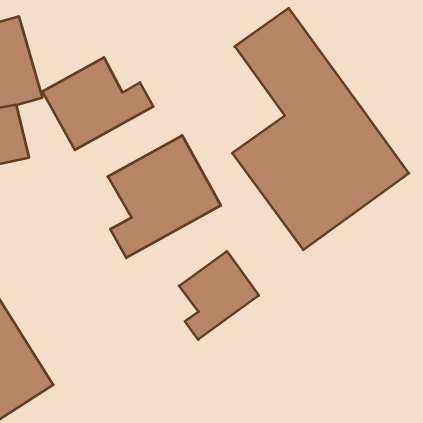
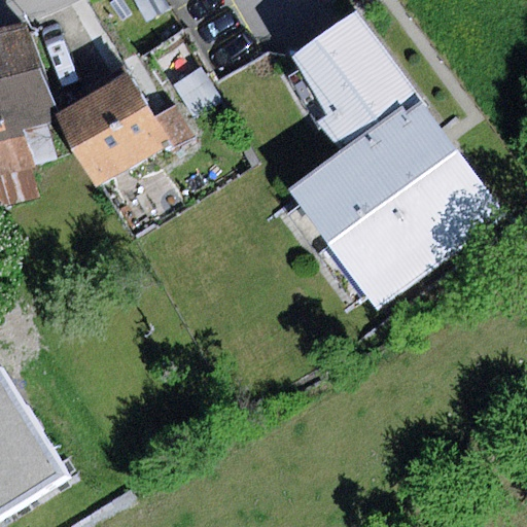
building: [108,135,221,258] -> none
building: [179,251,259,340] -> none

